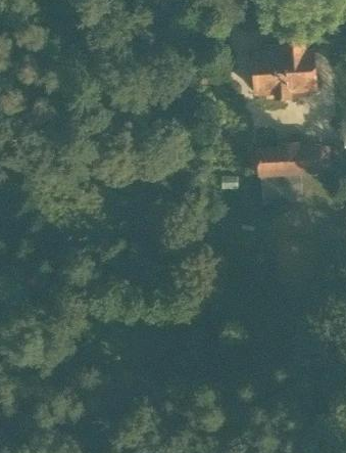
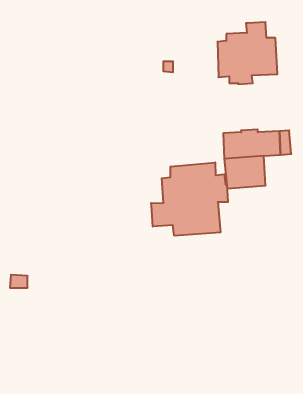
building: none -> [151,162,228,236]

